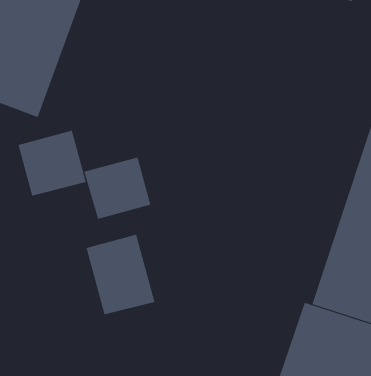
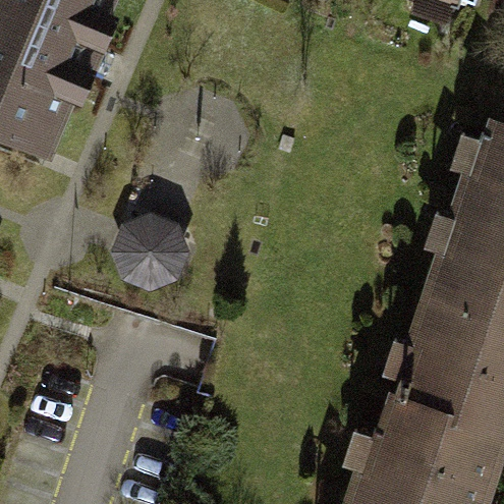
building: [18,130,87,197] -> none
building: [86,234,155,315] -> none

